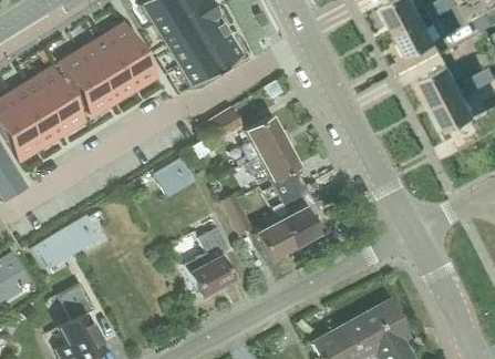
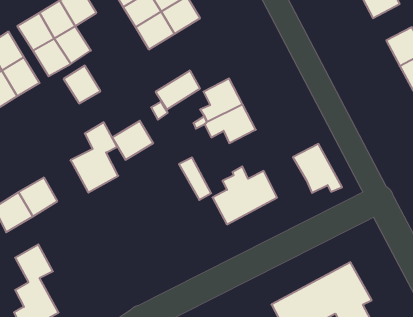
building: [116,51,153,89] -> [64,66,100,103]
building: [269,167,318,216] -> [293,144,342,193]
building: [183,227,230,297] -> [70,122,118,193]

